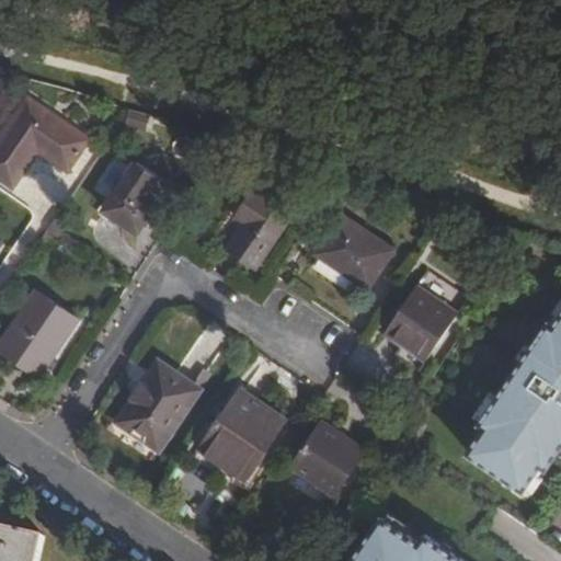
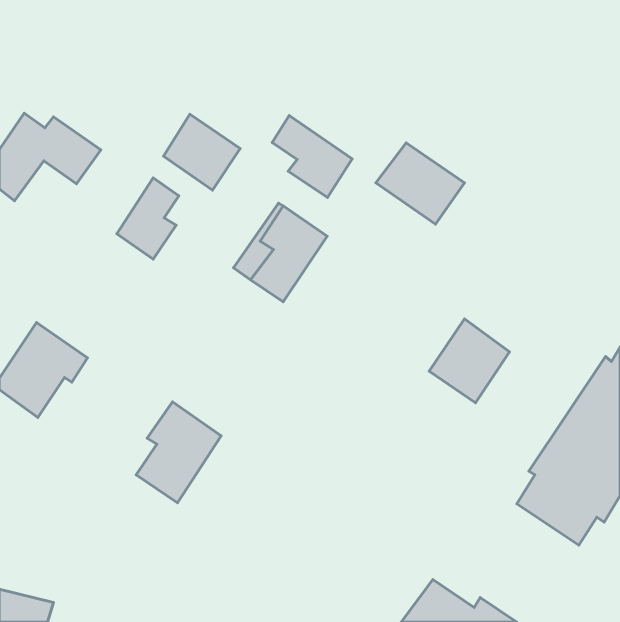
building: none -> [163,114,240,190]
building: none -> [272,115,352,197]
building: [317,217,397,290] -> [376,143,465,224]
building: [193,390,285,481] -> none
building: [293,427,362,493] -> none

